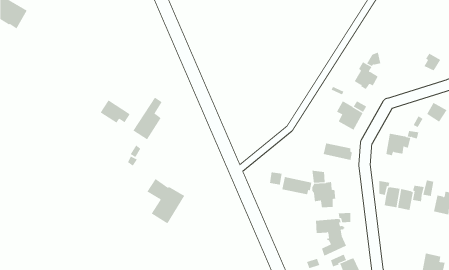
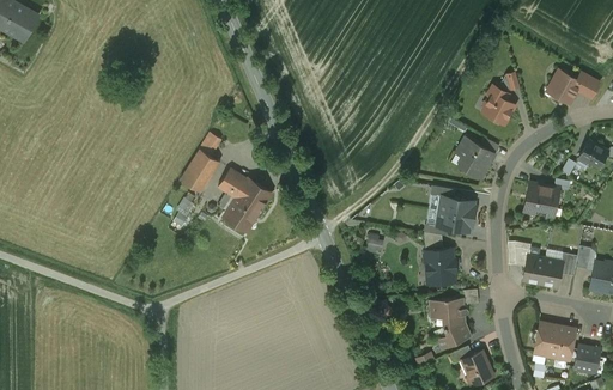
building: none -> [550,72,581,104]
building: [100,100,130,123] -> none
building: [281,176,312,195] -> [436,212,478,237]
building: [147,178,185,224] -> [218,170,271,232]
building: none -> [532,323,575,361]

